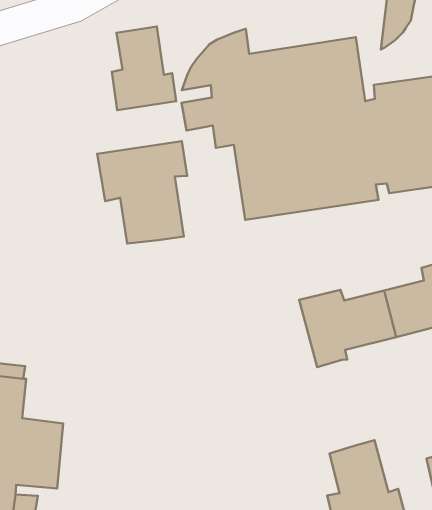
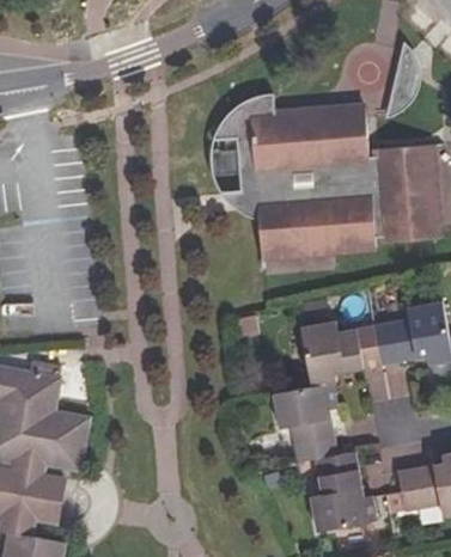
building: [112,27,176,110] -> none
building: [97,141,187,243] -> none
building: none -> [274,381,337,463]

